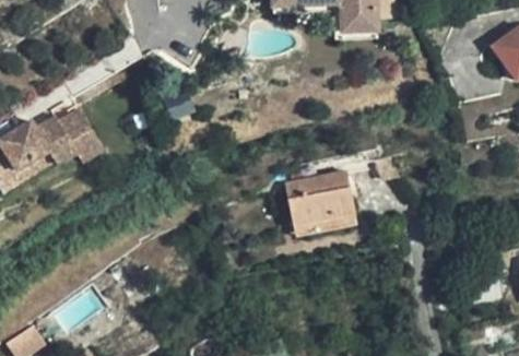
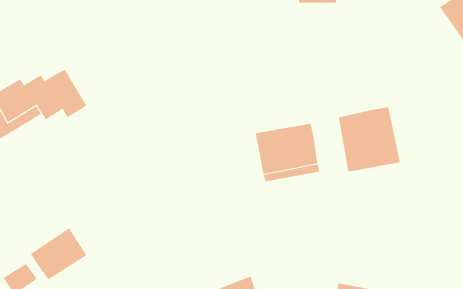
building: none -> [338,107,400,173]
building: none -> [30,228,87,280]

